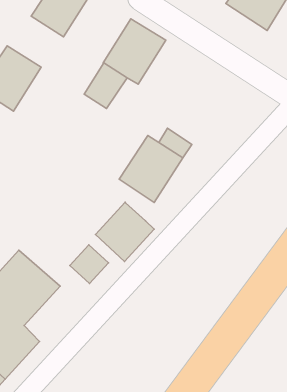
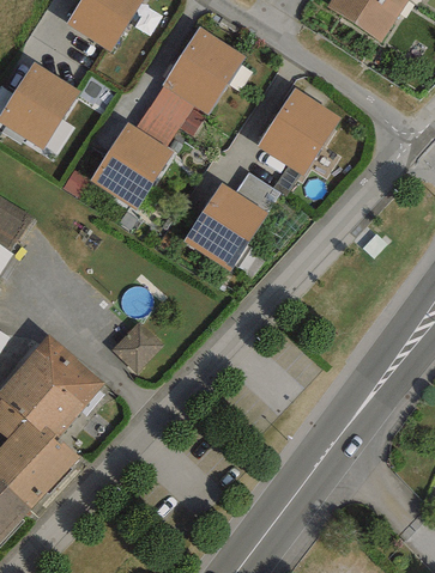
building: none -> [255,87,339,175]
building: none -> [89,122,171,209]
building: [96,202,154,262] -> none

